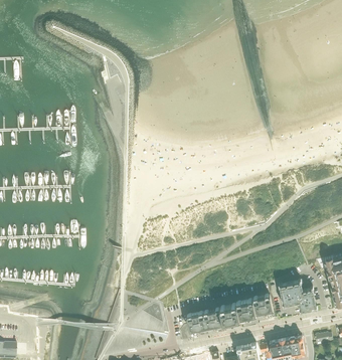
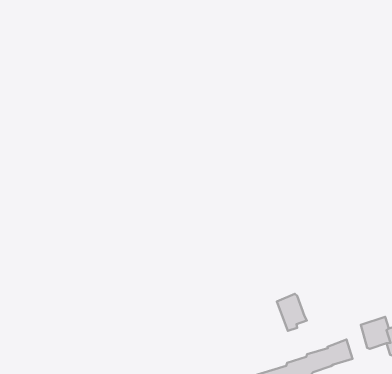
building: none -> [277,294,307,331]

